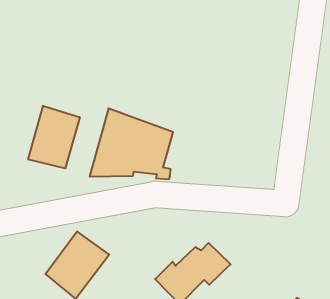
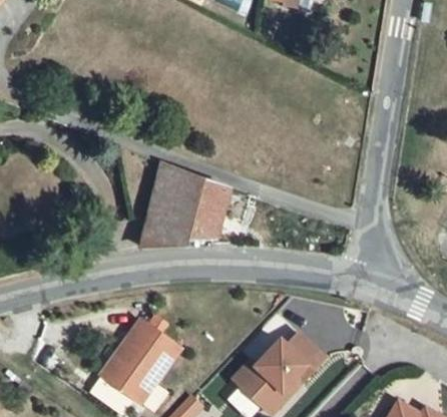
building: [28,106,80,168] -> none

